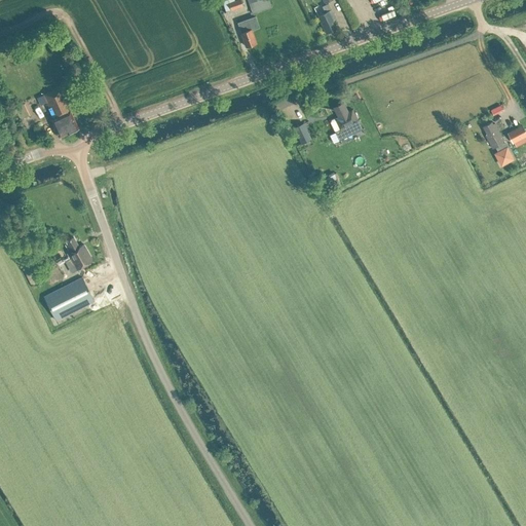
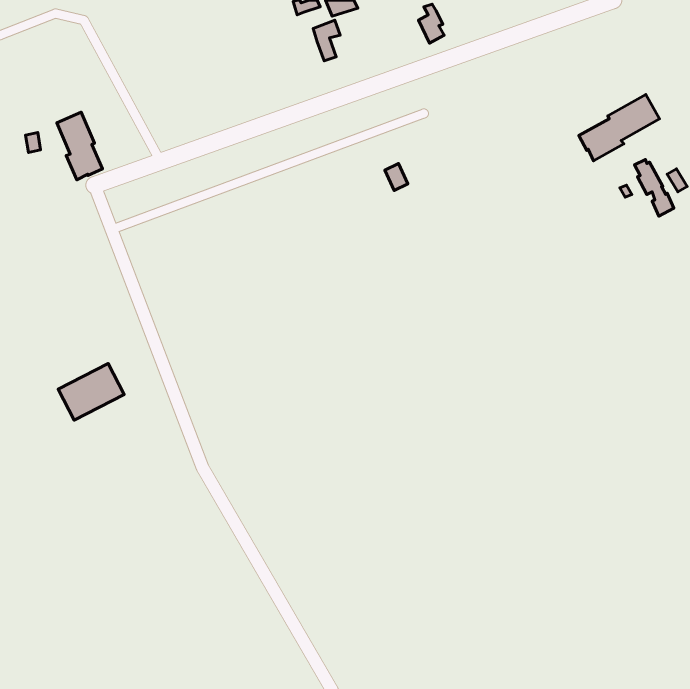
building: none -> [579,94,659,161]
building: [330,103,362,141] -> none
building: [66,237,93,270] -> none

